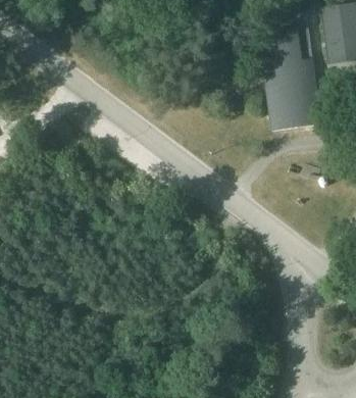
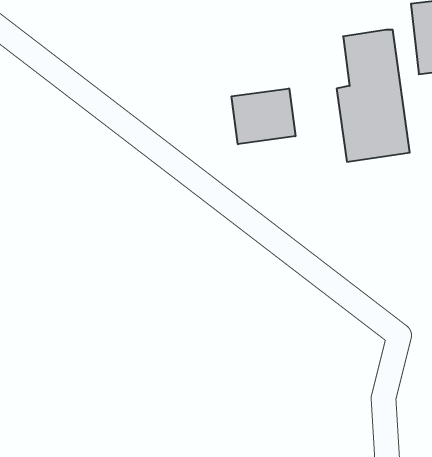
building: none -> [232,88,295,144]

